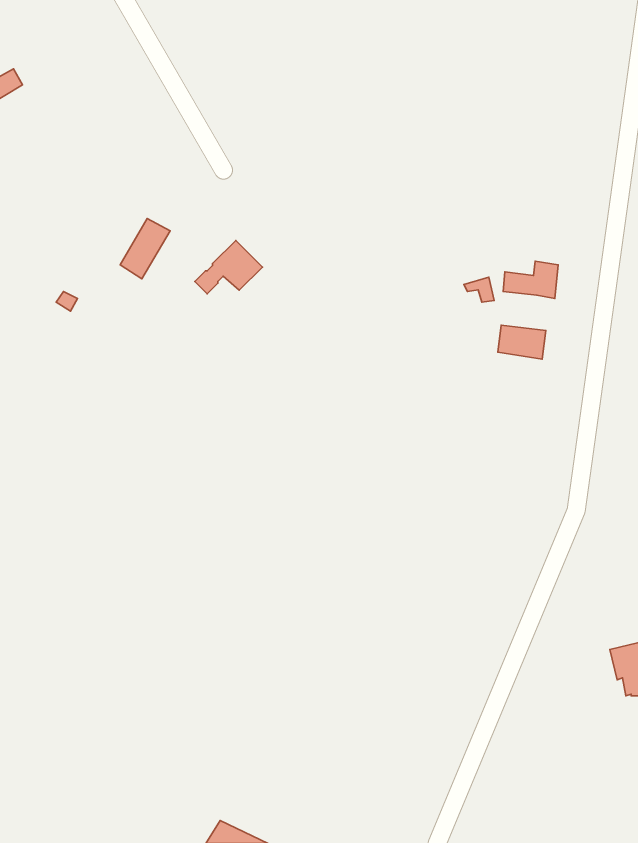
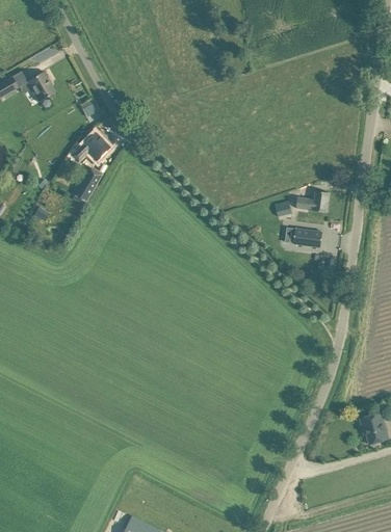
building: none -> [27,71,54,101]
building: [195,240,262,294] -> [71,131,110,162]

